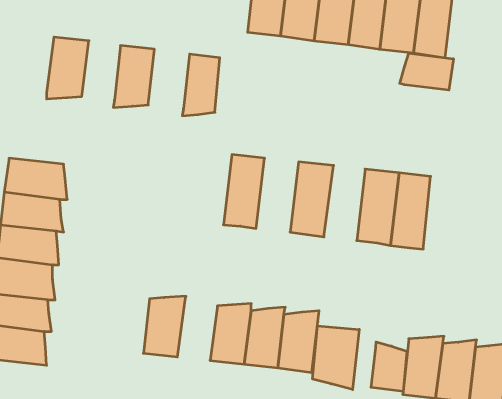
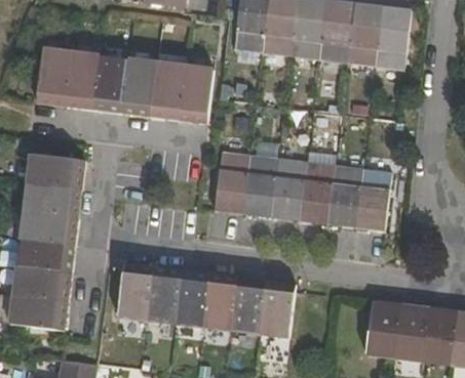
building: none -> [38,49,71,101]
building: none -> [94,55,127,109]
building: none -> [150,62,186,115]
building: [400,53,453,90] -> none
building: none -> [242,155,278,217]
building: none -> [300,161,335,224]
building: none -> [118,267,153,320]
building: none -> [176,275,210,326]
building: [313,326,359,390] -> none
building: [371,342,407,391] -> none

